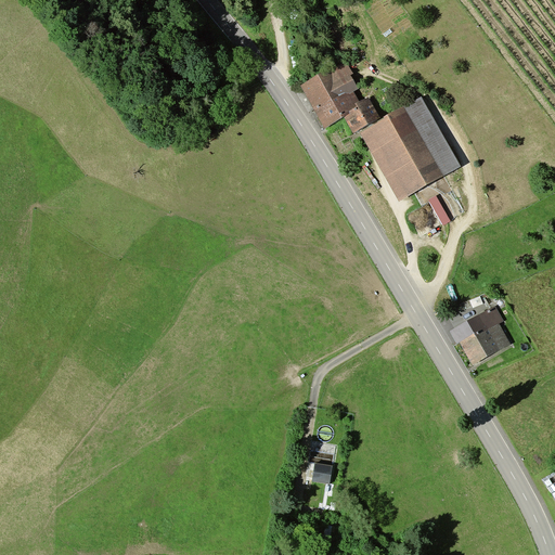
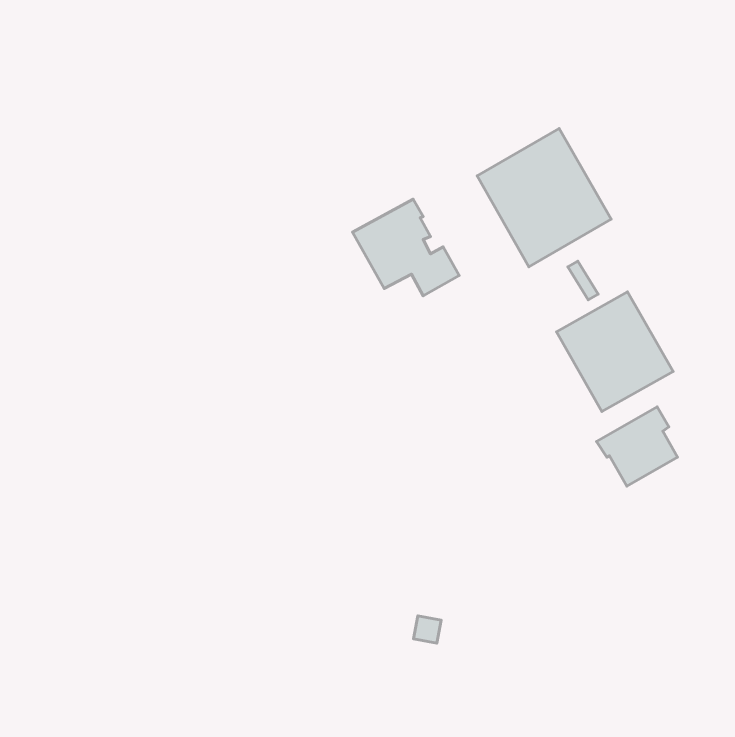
building: [299,61,379,133] -> [353,199,459,296]
building: none -> [556,292,673,412]

